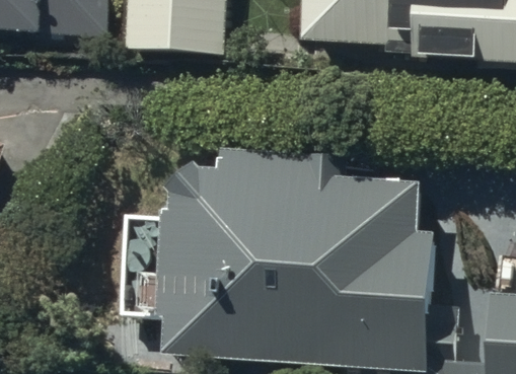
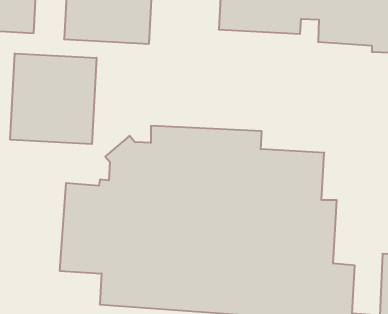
building: none -> [10,53,97,144]

